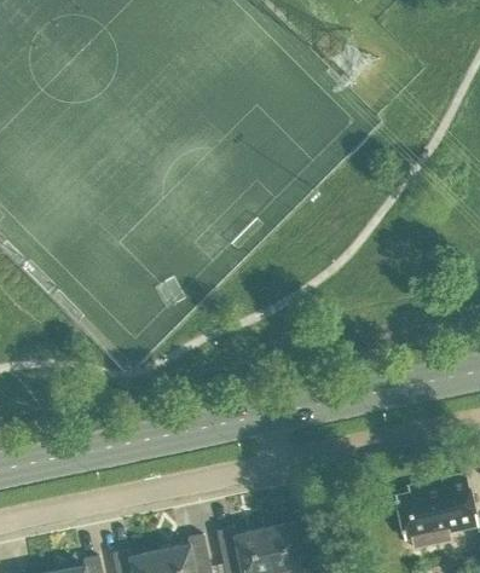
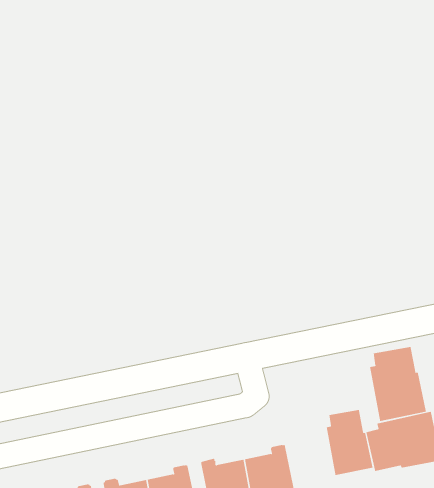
building: none -> [370,346,427,422]
building: none -> [326,409,373,476]

